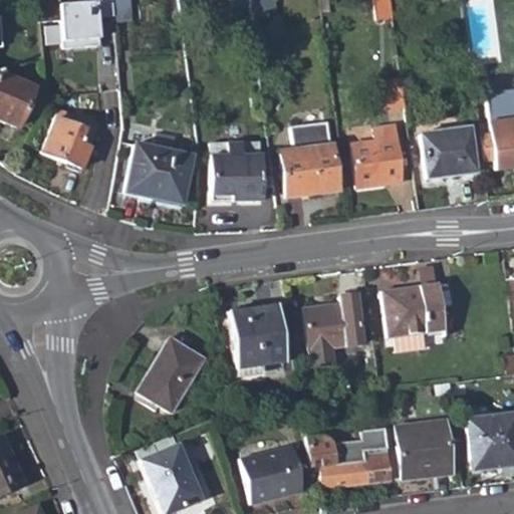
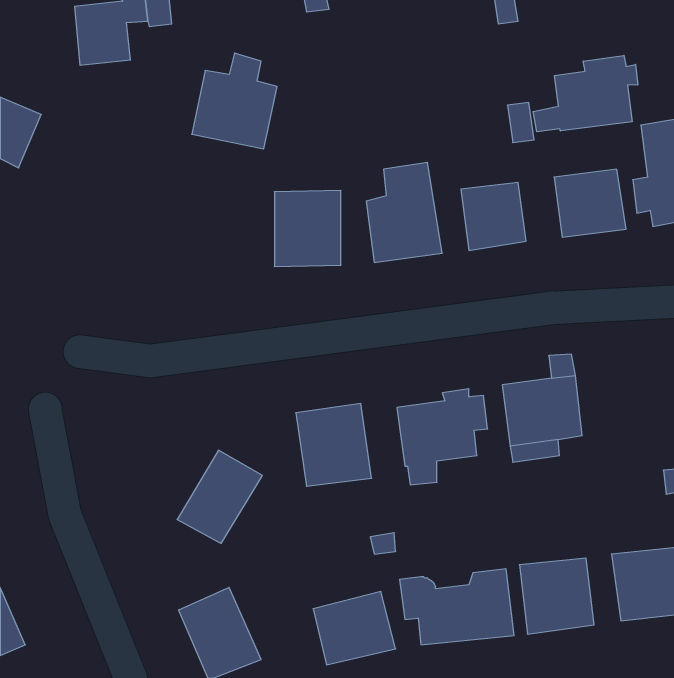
building: none -> [533,55,638,132]
building: [43,108,99,170] -> none
building: [126,131,191,203] -> [192,53,277,149]

